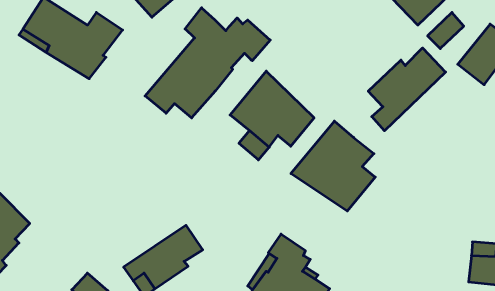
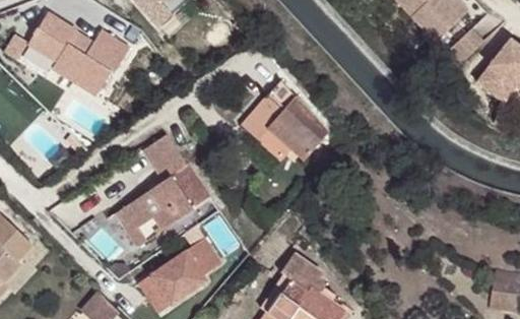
building: [145,8,270,118] -> none
building: [368,48,446,131] -> none
building: none -> [113,133,208,249]
building: [291,121,375,211] -> none

